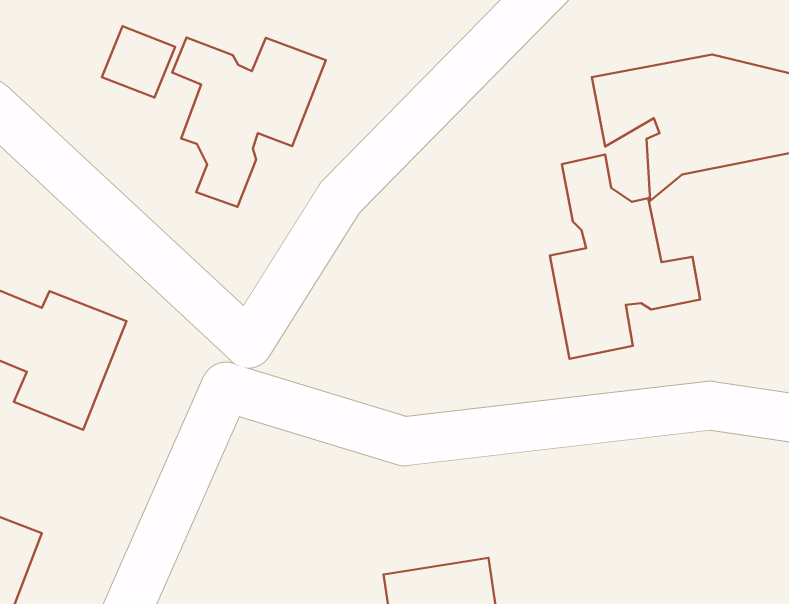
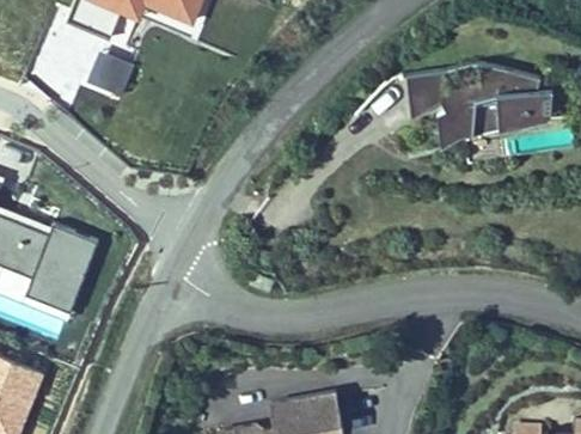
building: [172,37,326,207] -> none
building: [550,154,700,359] -> none

